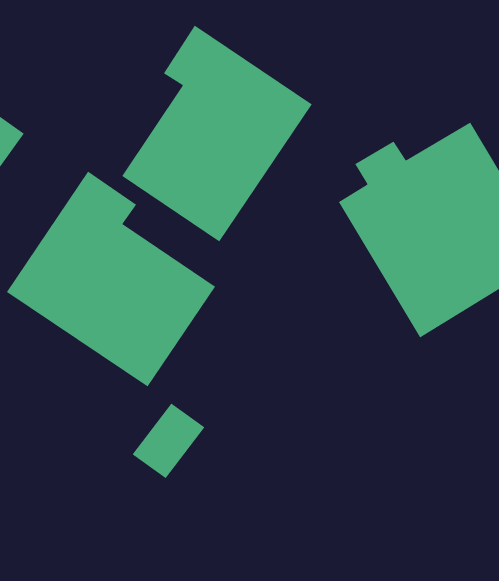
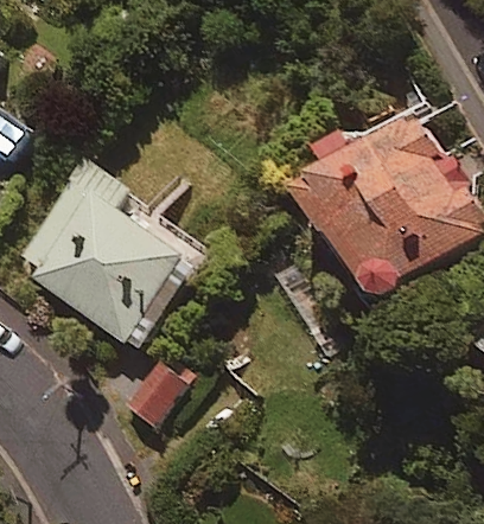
building: [121,25,313,242] -> none

